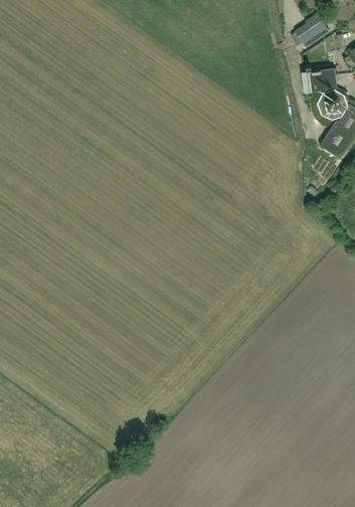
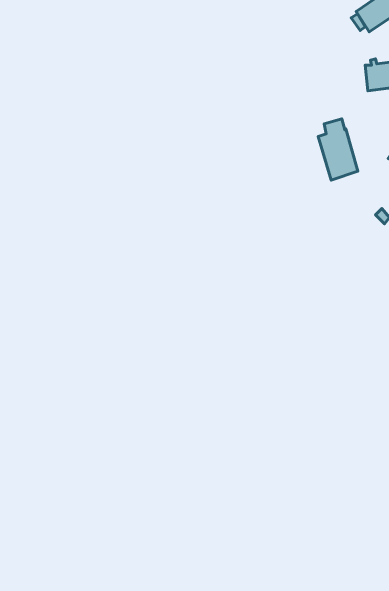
building: none -> [318,119,358,180]

